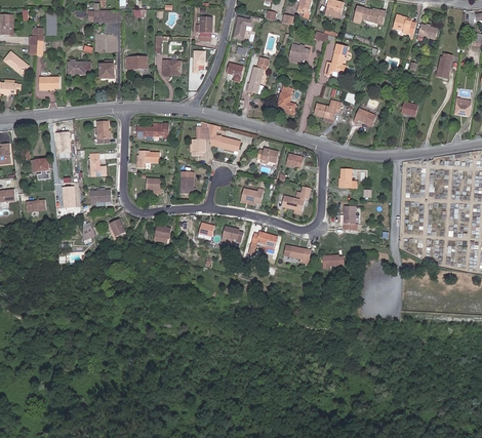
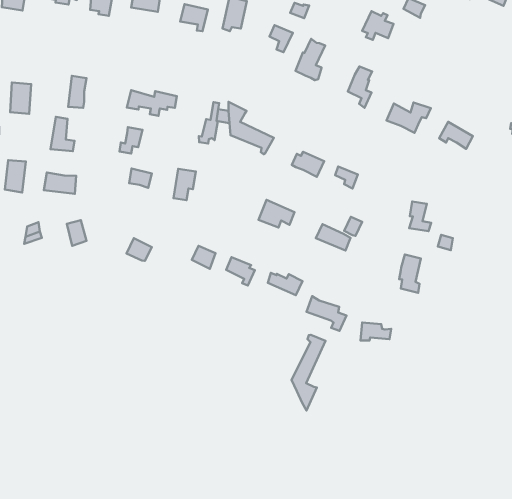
building: [323,43,349,77] -> none
building: none -> [291,335,325,411]

